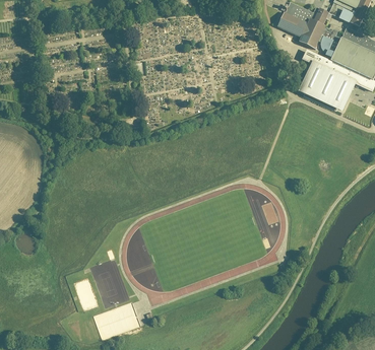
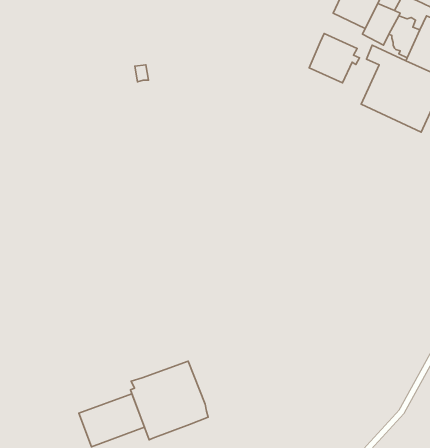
building: none -> [309,34,360,83]
building: none -> [131,361,208,440]

